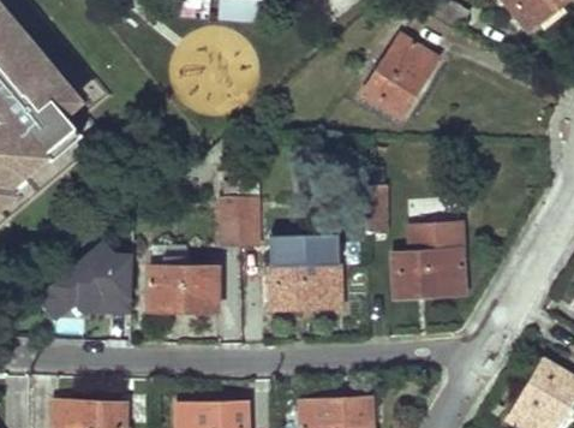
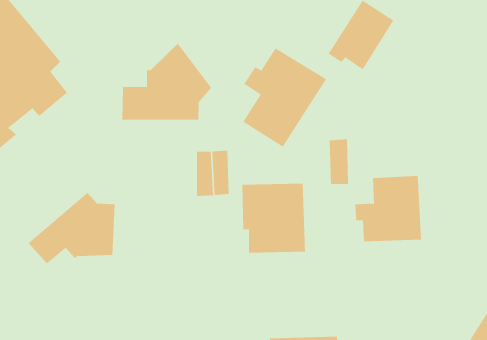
building: none -> [122,43,212,121]
building: none -> [243,47,327,148]
building: [147,244,217,310] -> none

